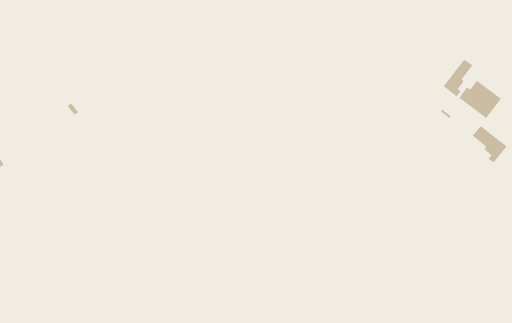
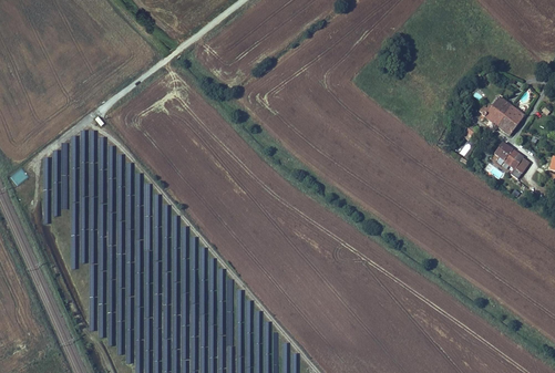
building: [443,59,473,97] -> none

